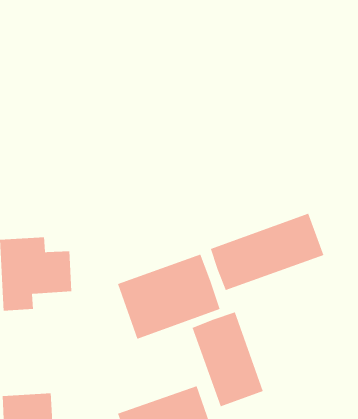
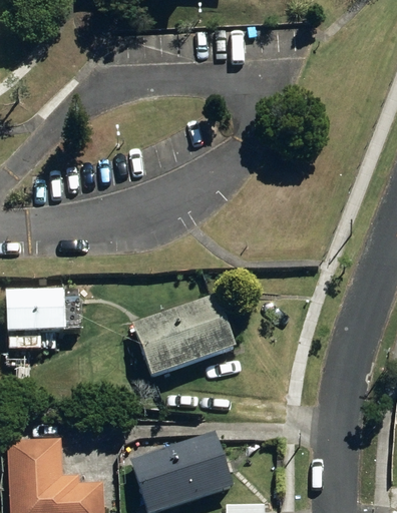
building: [210,213,324,291] -> none
building: [192,312,264,407] -> none

